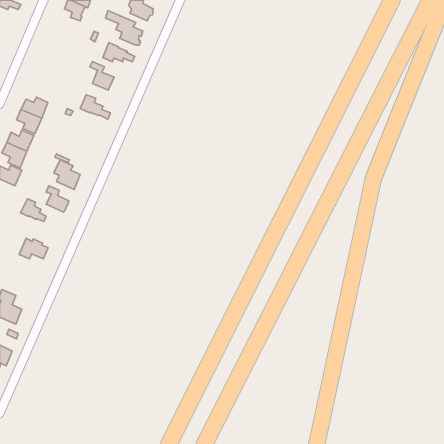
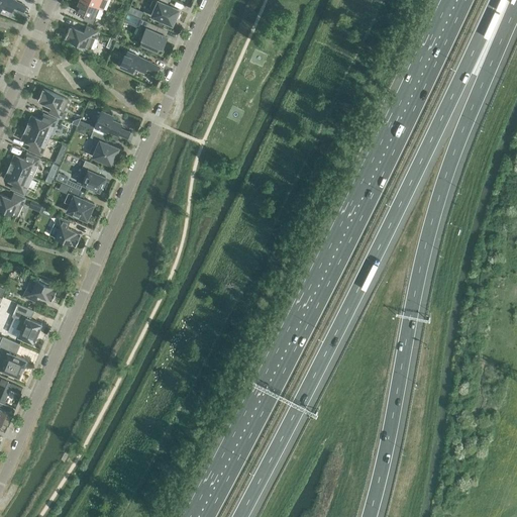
building: none -> [64,25,97,49]
building: [90,62,114,90] -> [89,130,117,164]
building: none -> [36,88,68,118]
building: none -> [75,160,105,191]
building: [21,199,46,221] -> none
building: none -> [11,303,40,343]

